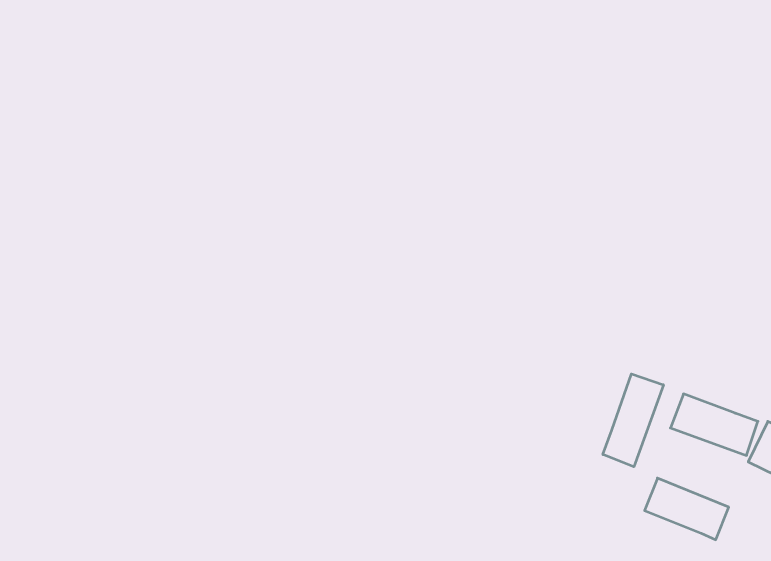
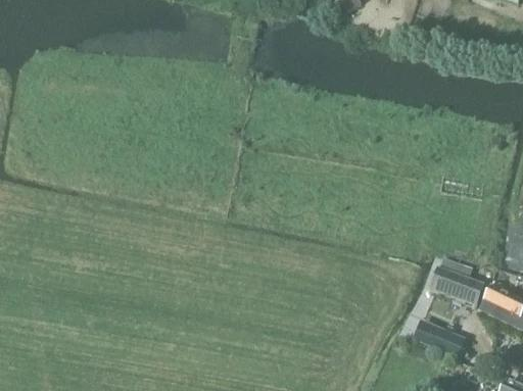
building: [603,374,663,467] -> none

